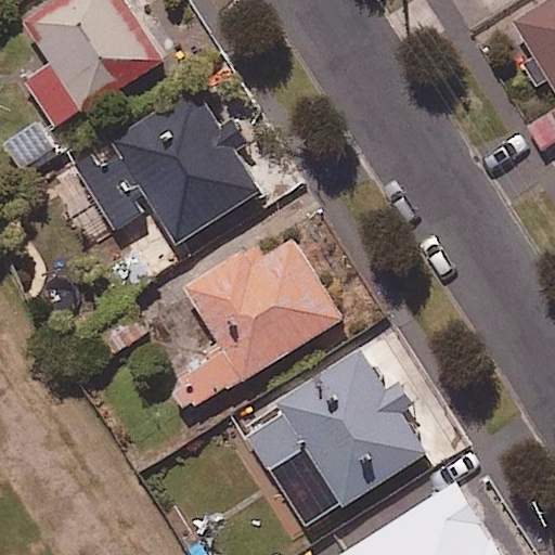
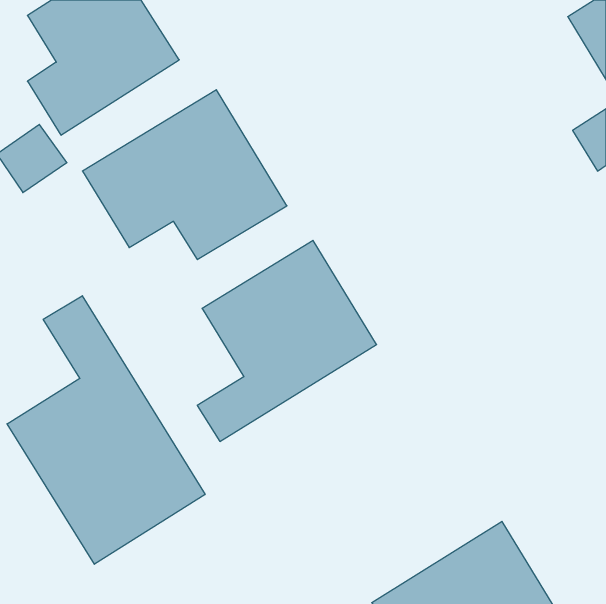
building: none -> [7,296,205,564]
building: [237,333,434,531] -> none

